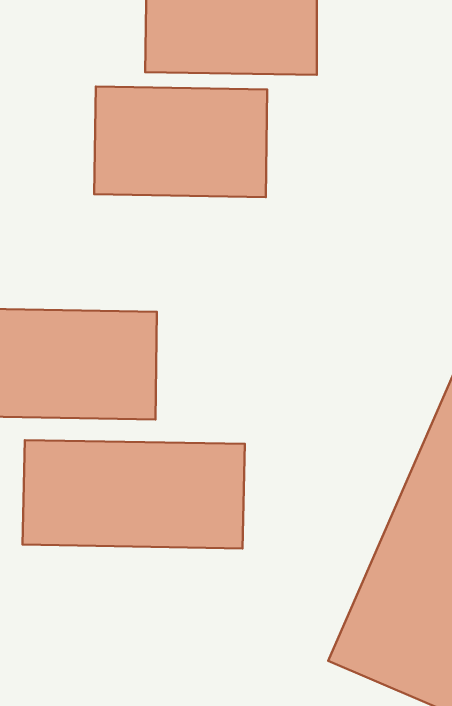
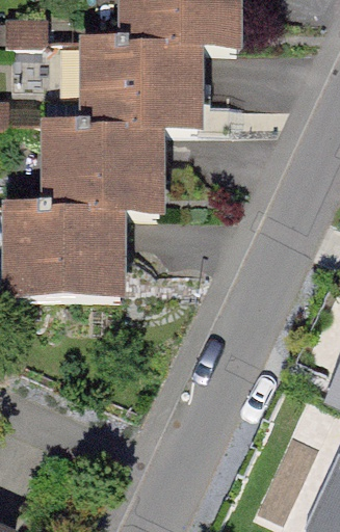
building: none -> [42,145,165,224]
building: [23,440,245,548] -> none

